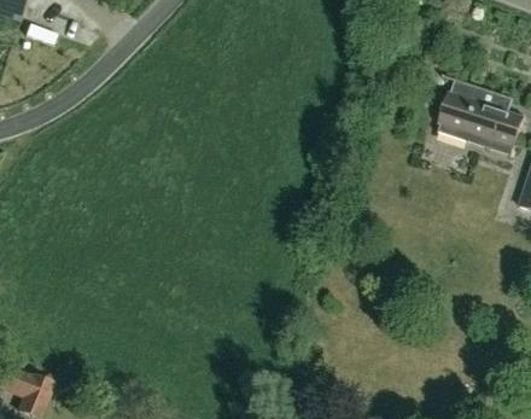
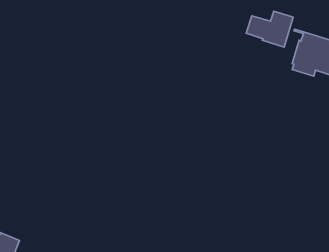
building: none -> [246,11,293,47]

